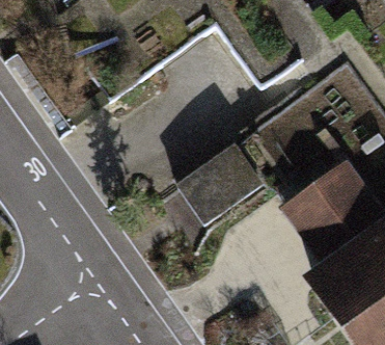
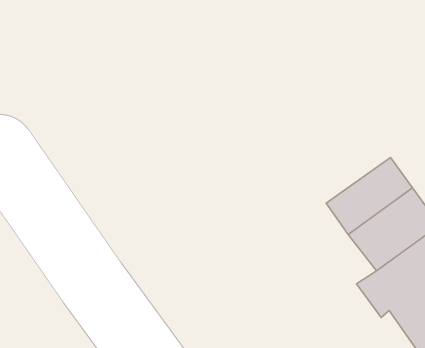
building: [183,143,267,221] -> none

